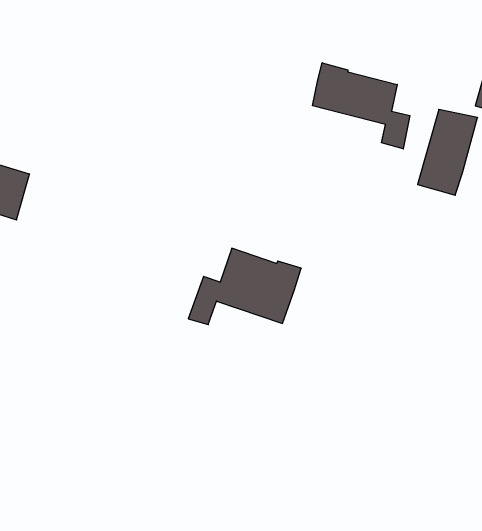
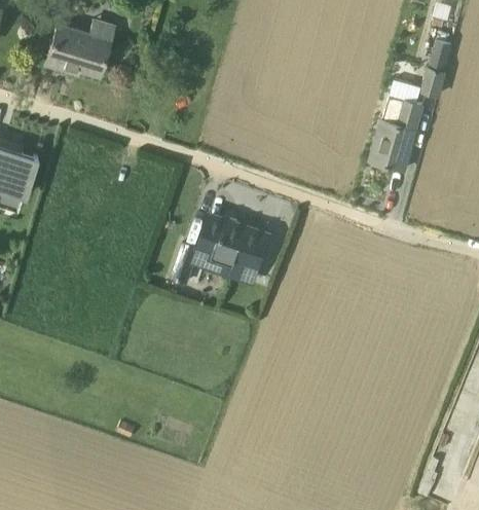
building: none -> [46,19,115,76]
building: [313,63,410,149] -> none

